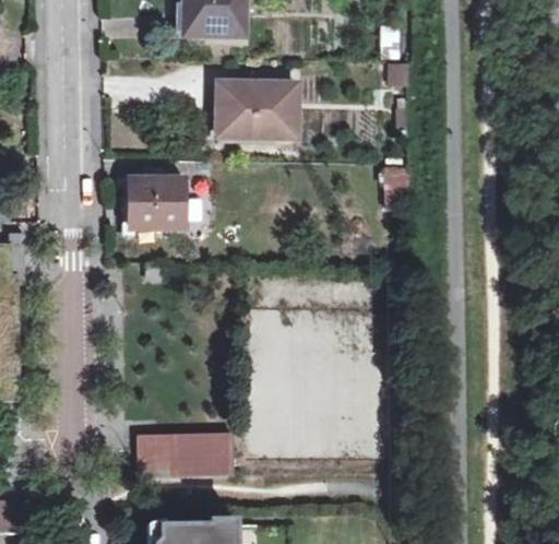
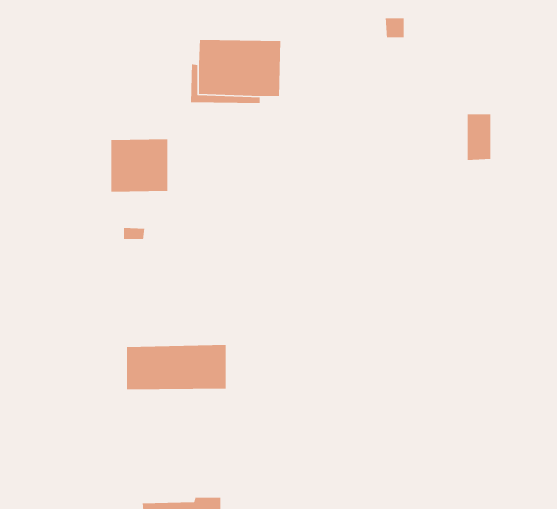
building: [386,164,409,209] -> [467,113,491,161]
building: [138,430,233,474] -> [126,344,226,390]

